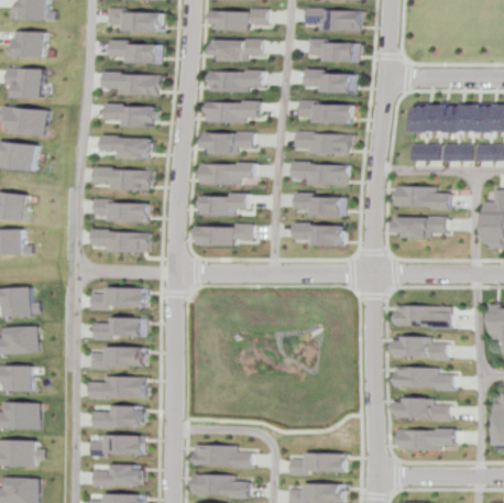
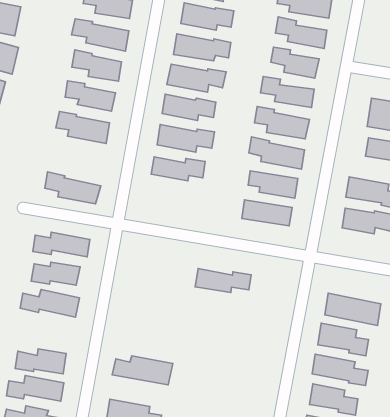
building: [98,198,153,222] -> none
building: [202,223,256,244] -> [195,269,251,293]
building: [91,375,150,398] -> [112,356,173,385]

